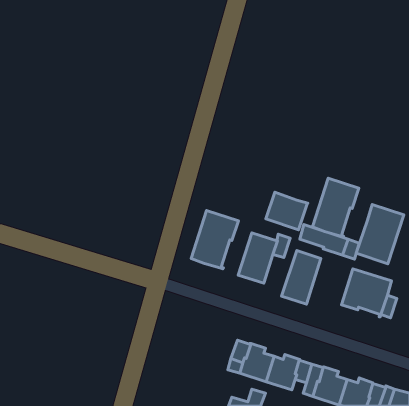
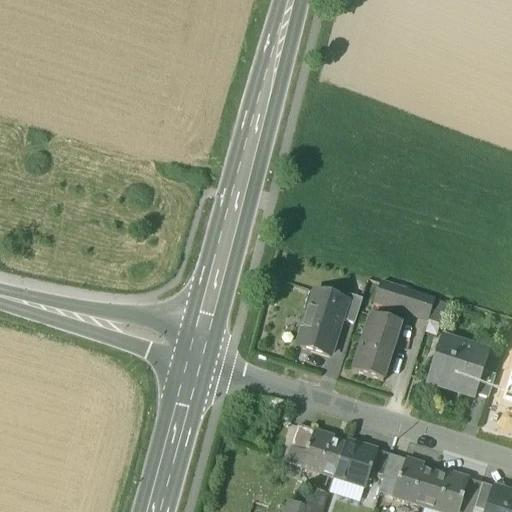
building: [312,178,359,237] -> none
building: [266,192,308,230] -> none
building: [356,204,404,264] -> none
building: [191,210,238,269] -> none

